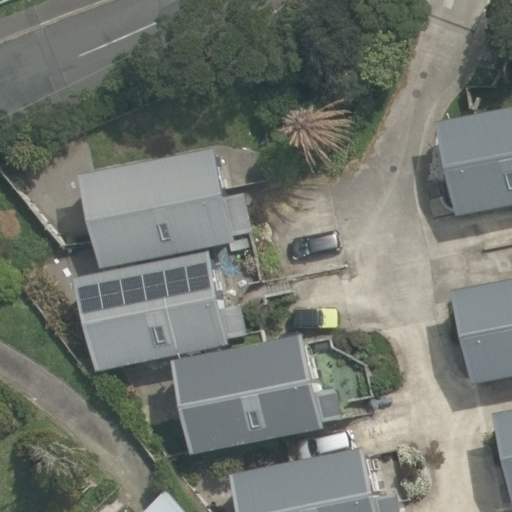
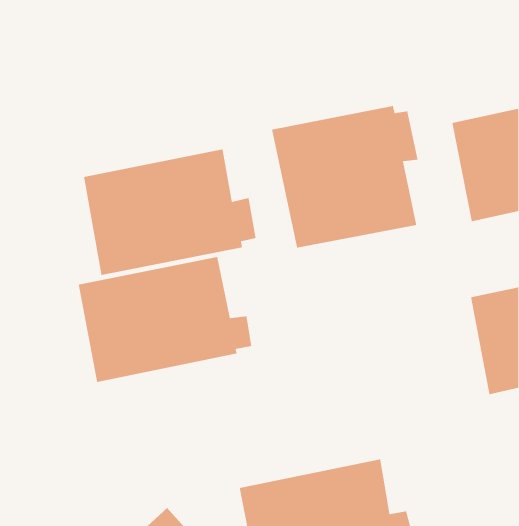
building: none -> [271,105,418,249]
building: [172,332,340,456] -> none

